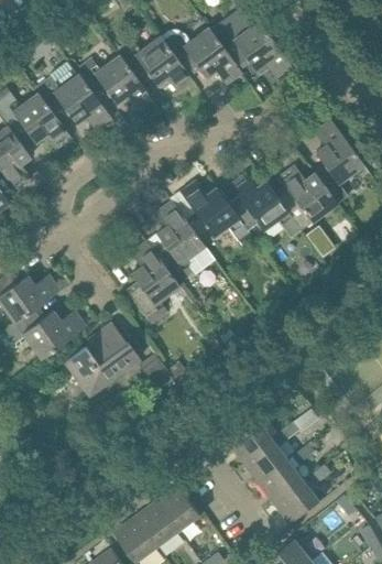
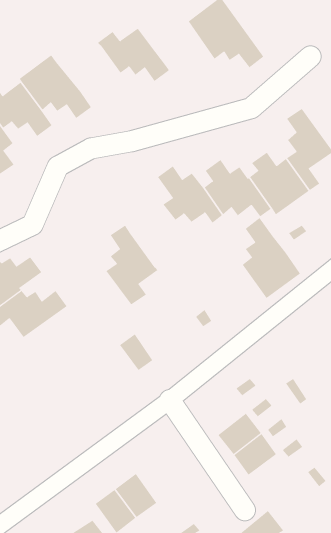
building: [173,28,241,85] -> none
building: [75,55,152,111] -> none
building: [152,200,214,285] -> [242,217,301,299]
building: [67,323,139,392] -> none
building: [226,416,272,460] -> none
building: [274,480,320,524] -> none
building: [157,485,201,531] -> none

